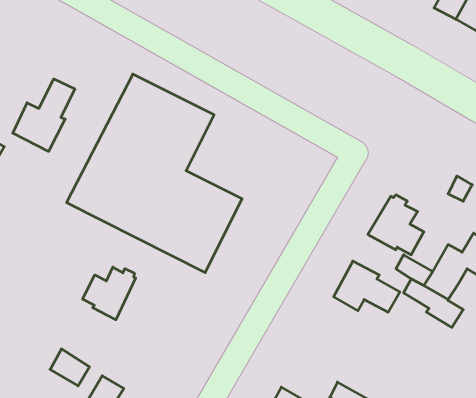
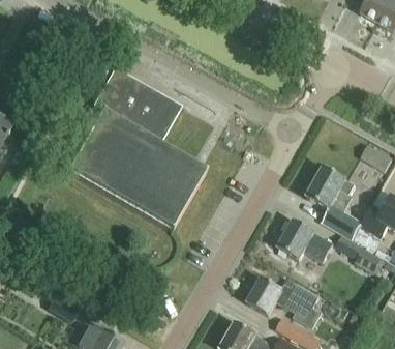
building: [13,79,75,151] -> none
building: [83,267,136,320] -> none
building: none -> [247,277,318,314]

